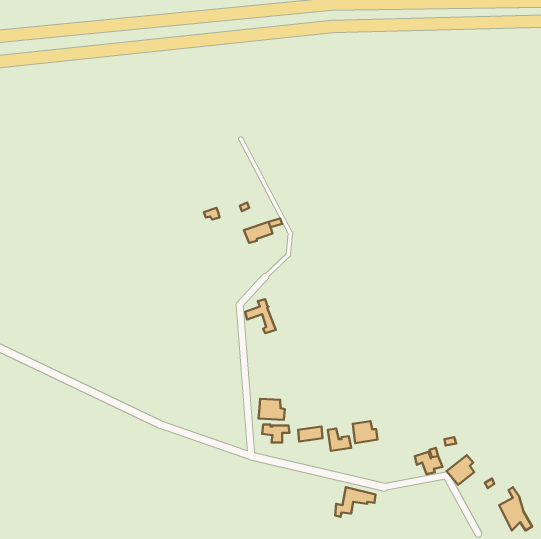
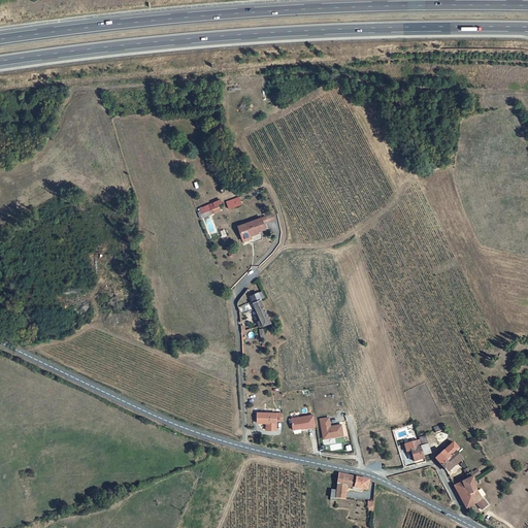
building: [259,399,285,420] -> none
building: [353,421,378,443] -> none
building: [499,487,532,531] -> [454,468,486,510]

